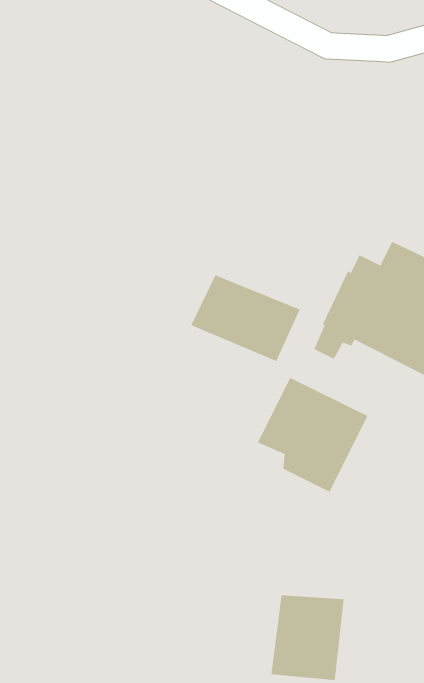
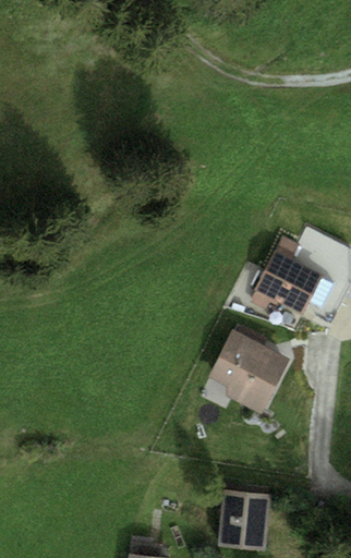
building: [190,274,300,362] -> none

